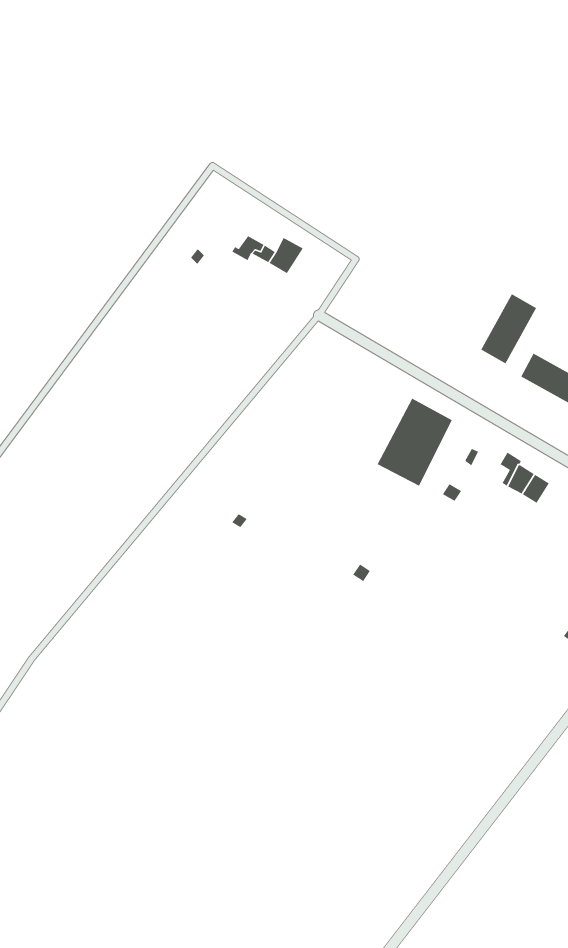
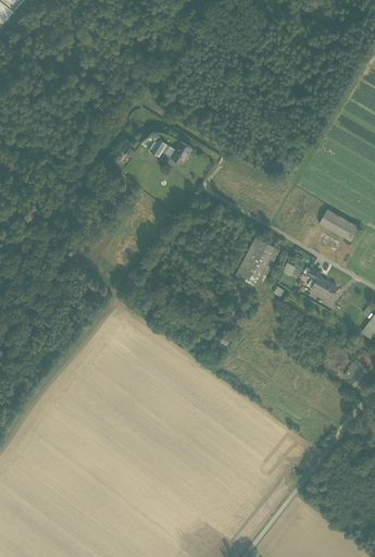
building: [480,293,537,364] -> none

